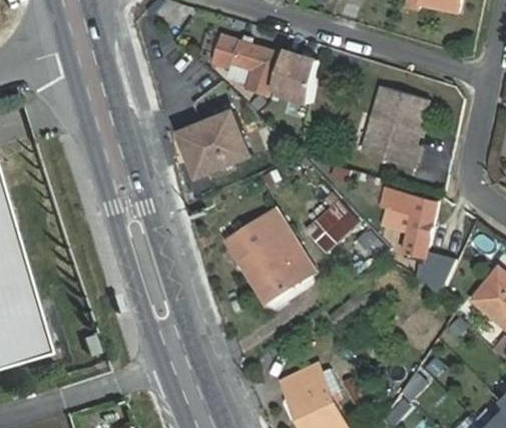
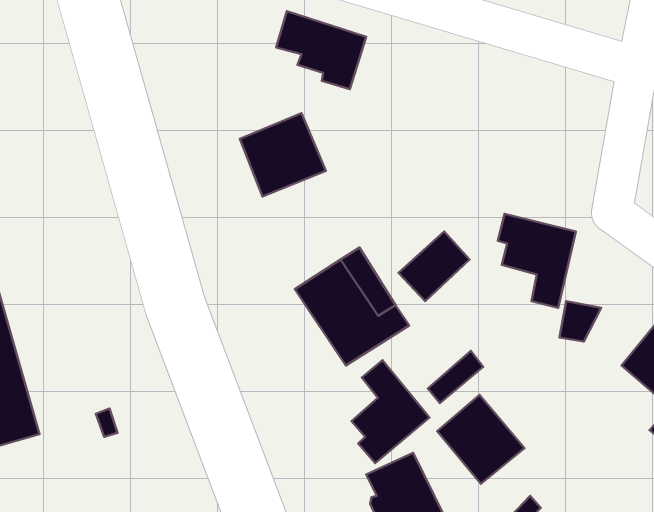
building: [273,50,318,103] -> none
building: [364,86,429,167] -> none
building: none -> [352,360,429,463]
building: none -> [437,395,524,484]

